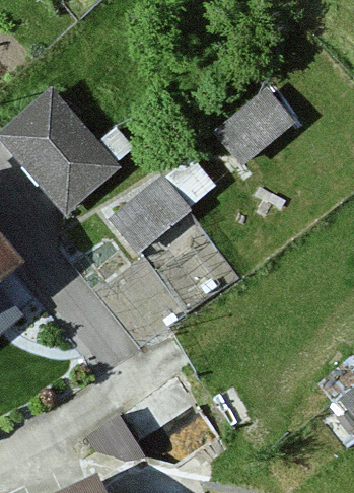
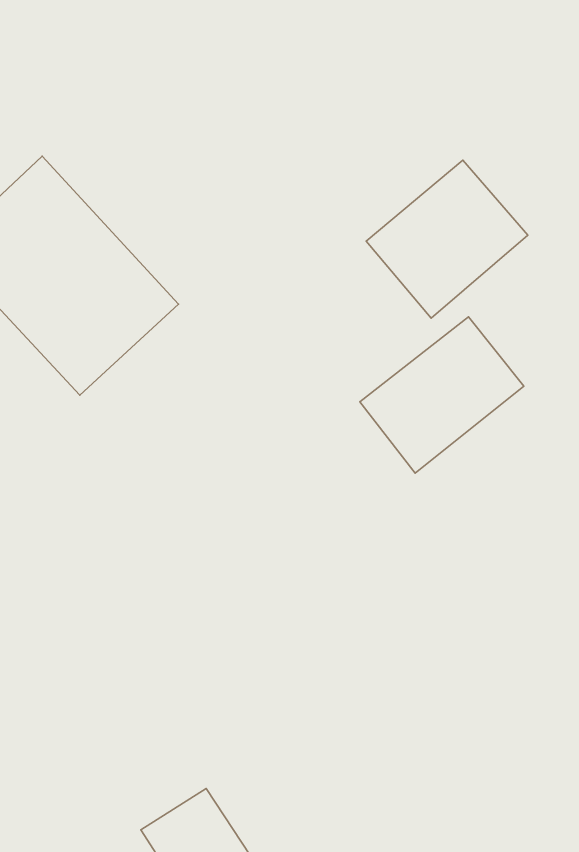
building: [108,174,192,255] -> [360,317,524,473]

